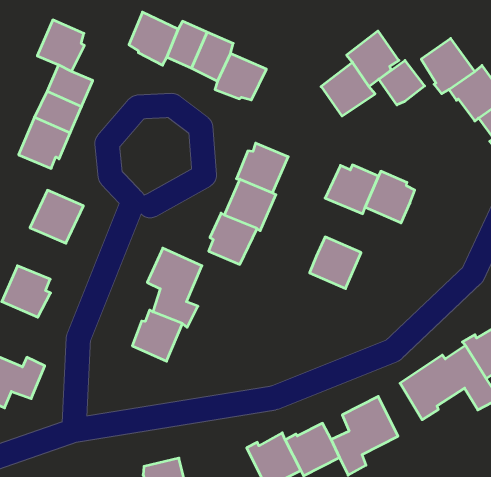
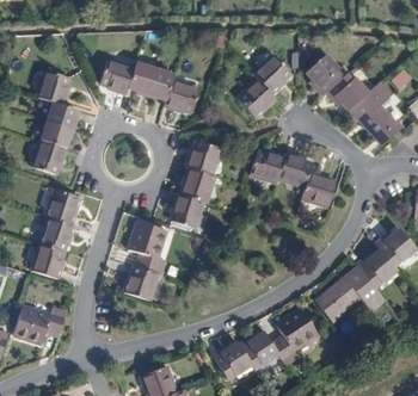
building: [379,60,425,105] -> none
building: none -> [39,217,75,250]
building: [310,237,361,289] -> [301,172,336,206]

